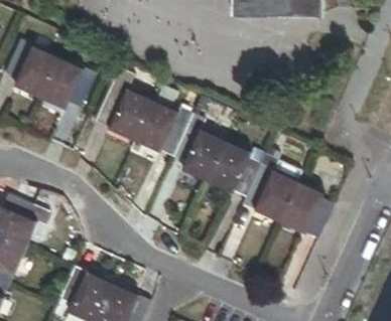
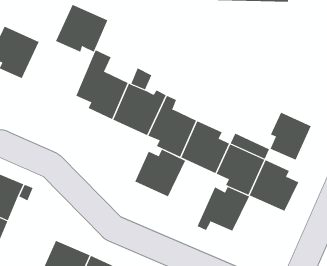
building: [39,57,96,109] -> [55,4,108,52]
building: none -> [270,112,311,160]
building: none -> [135,149,186,197]
building: none -> [197,186,250,232]

